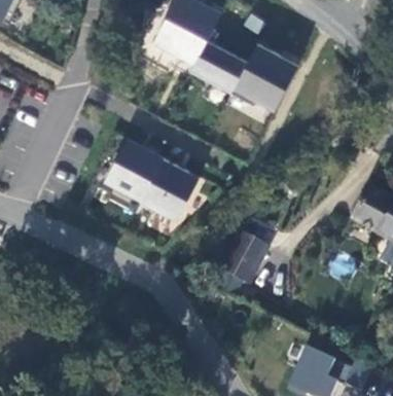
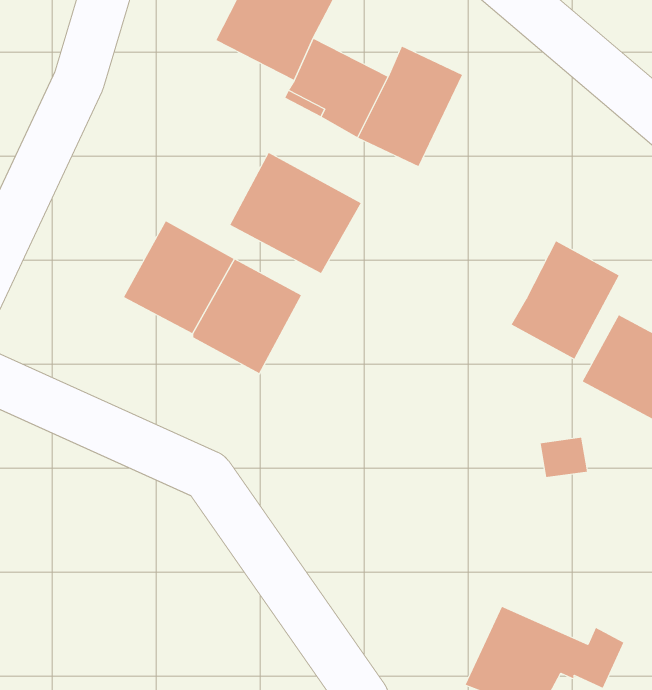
building: none -> [229,152,361,274]
building: none -> [511,241,620,360]
building: [219,235,265,287] -> none

